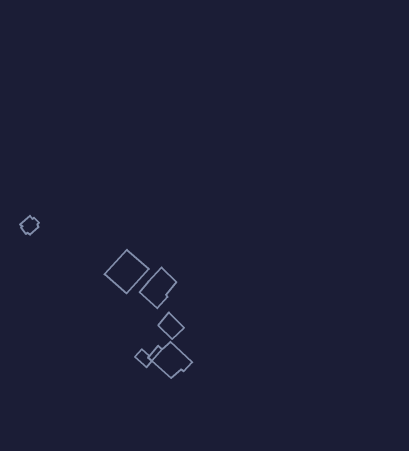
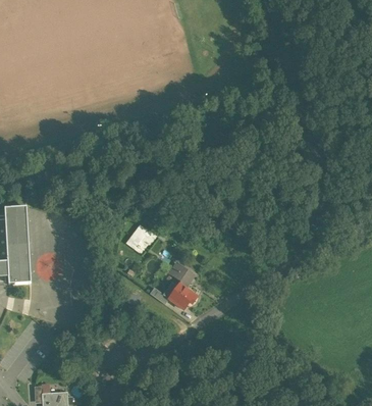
building: [140,267,176,308] -> none

